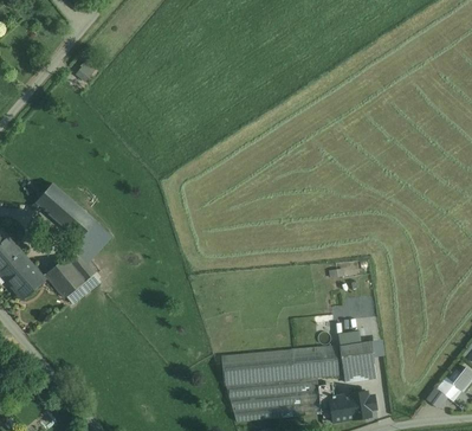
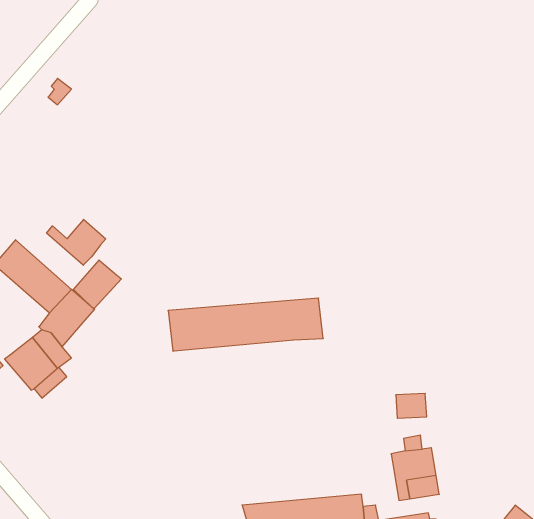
building: none -> [47,219,106,265]
building: none -> [73,260,121,308]
building: [221,346,340,386] -> [168,298,323,351]

